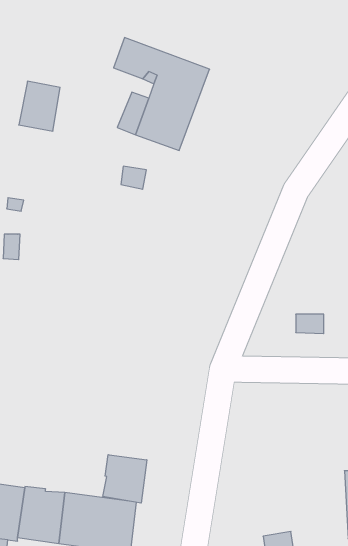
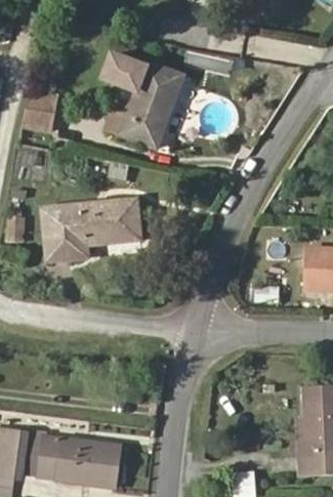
building: none -> [42,200,140,261]
building: [103,455,147,503] -> none

